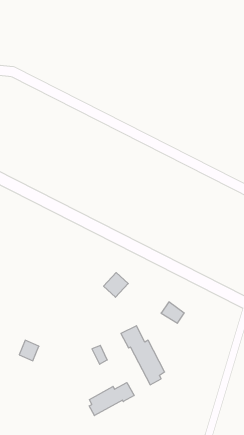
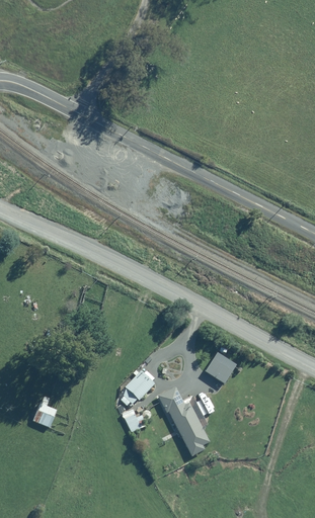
building: [104,273,128,297] -> [126,370,155,400]
building: [89,383,134,416] -> none

